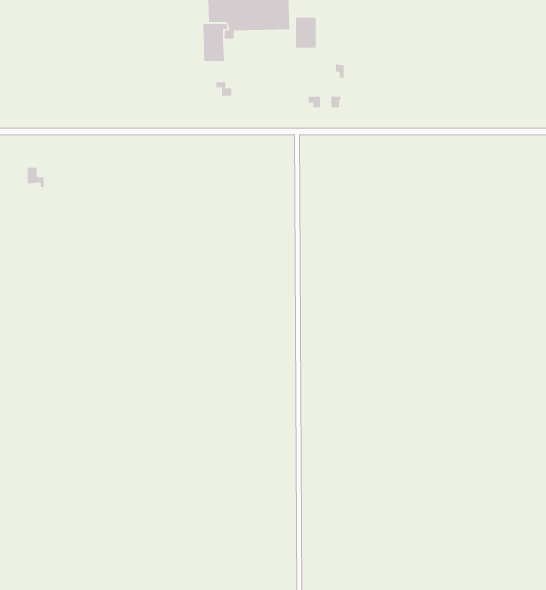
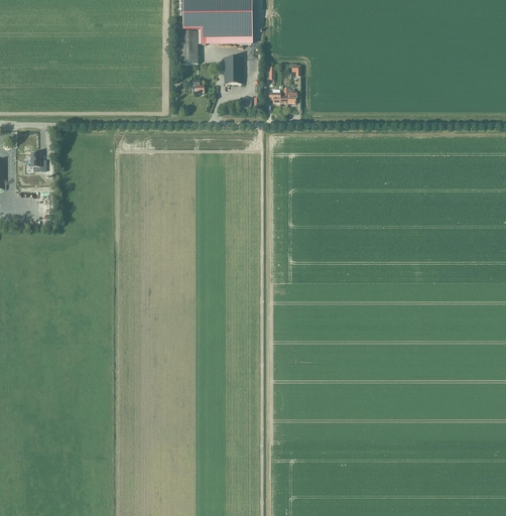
building: [295,17,317,48] -> [224,56,242,83]

